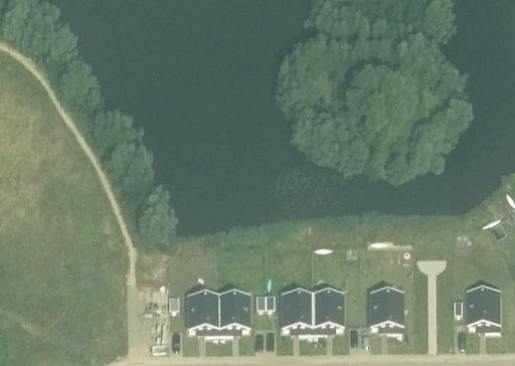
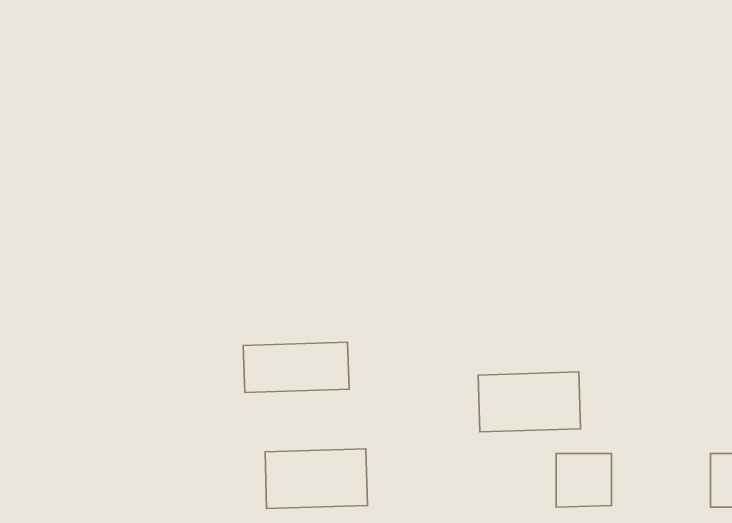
building: none -> [243,342,349,392]
building: [280,290,345,328] -> [478,372,580,432]

